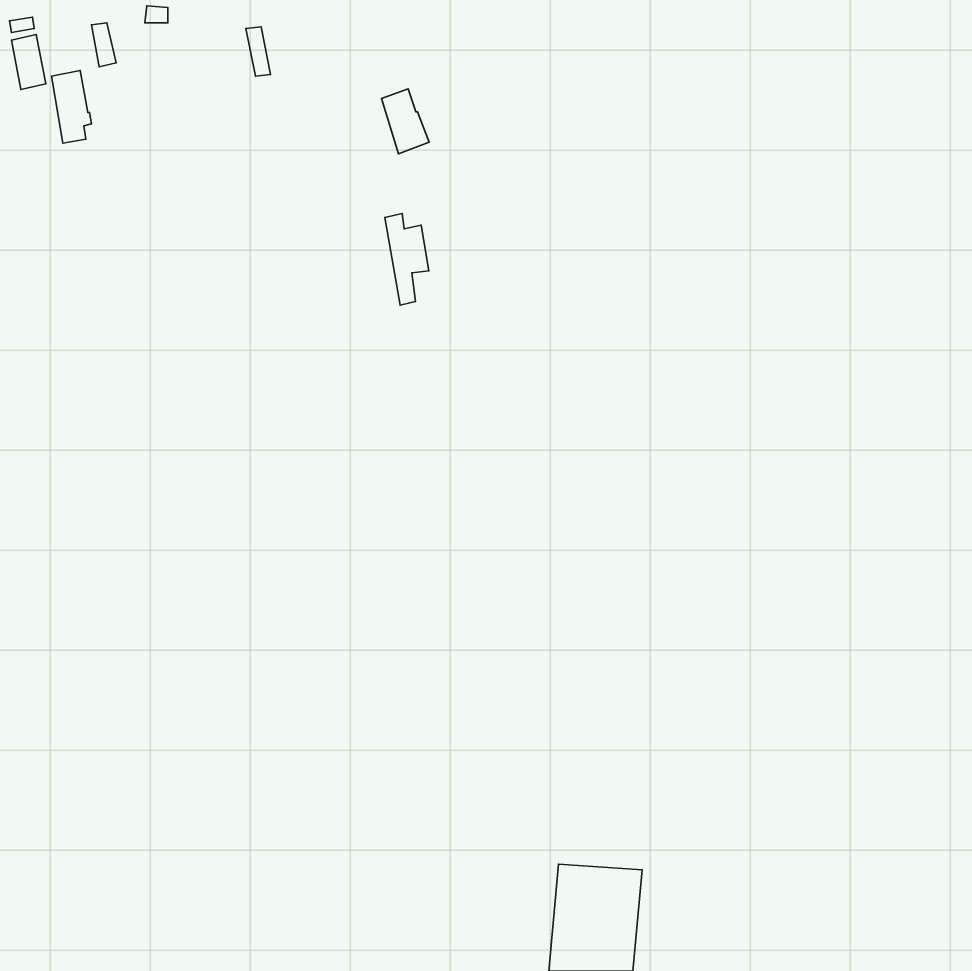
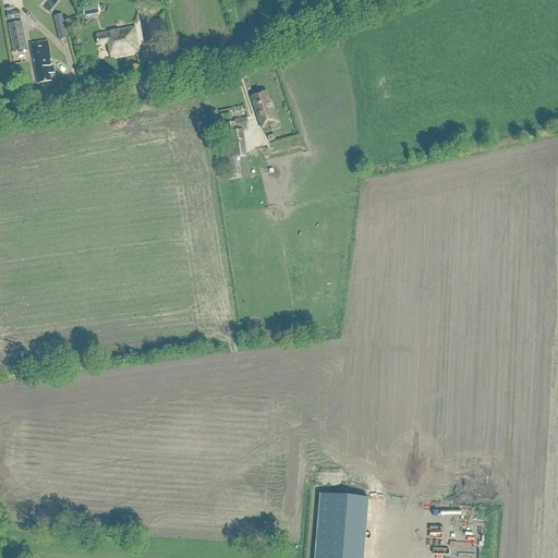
building: none -> [95,26,138,57]
building: [381,89,429,154] -> [250,90,277,128]

